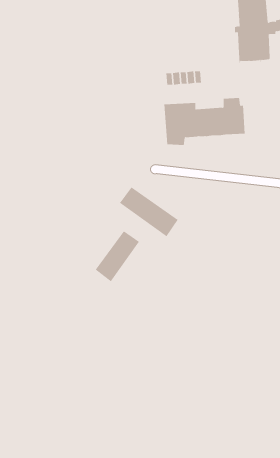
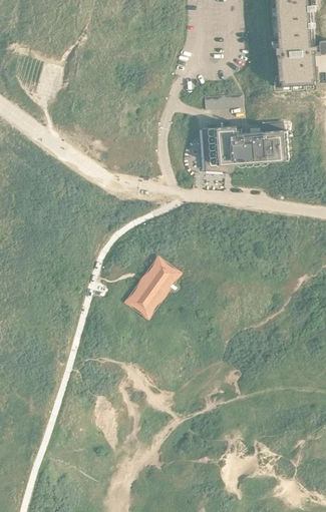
building: [119,186,178,237] -> none

